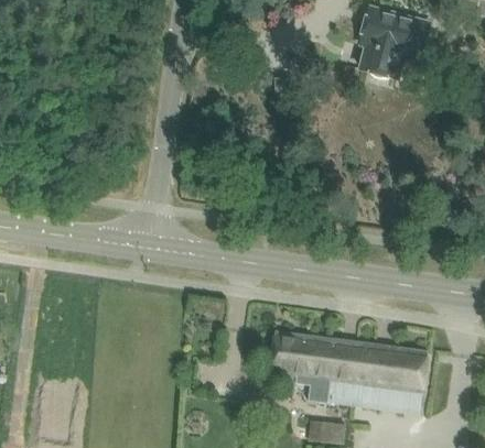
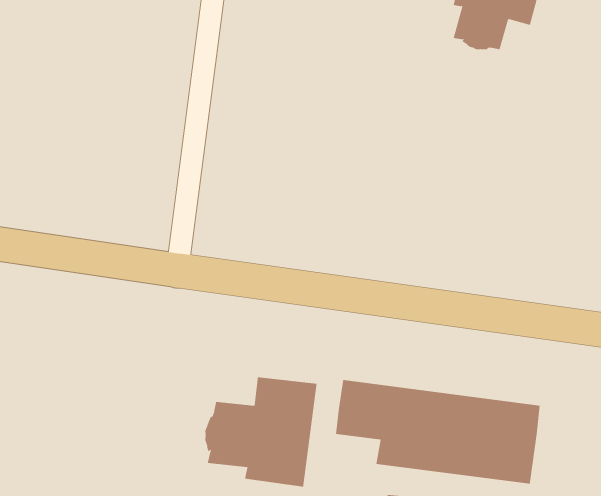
building: none -> [205,377,317,487]

